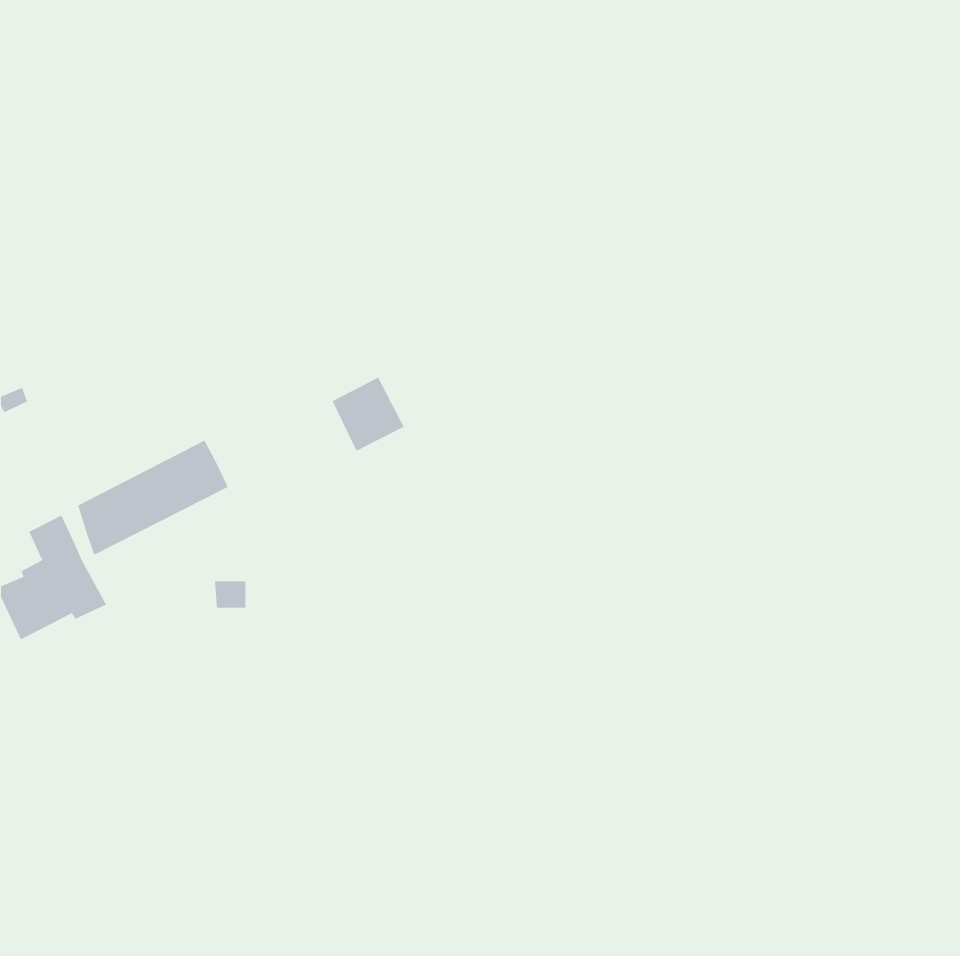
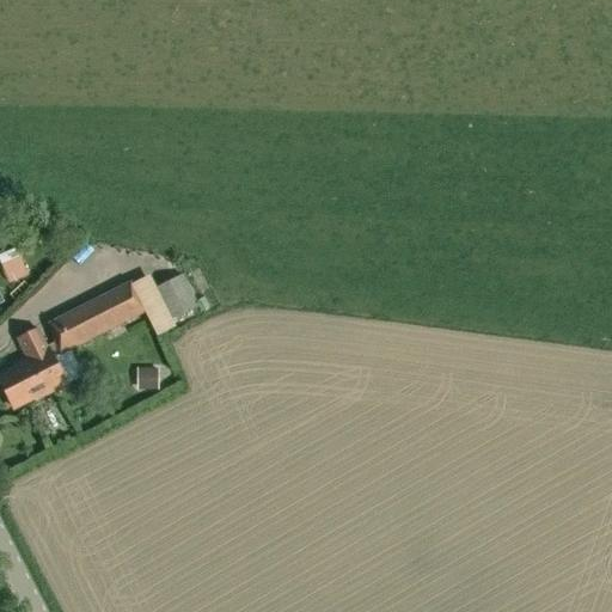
building: [332,377,405,452] -> [153,273,200,320]

